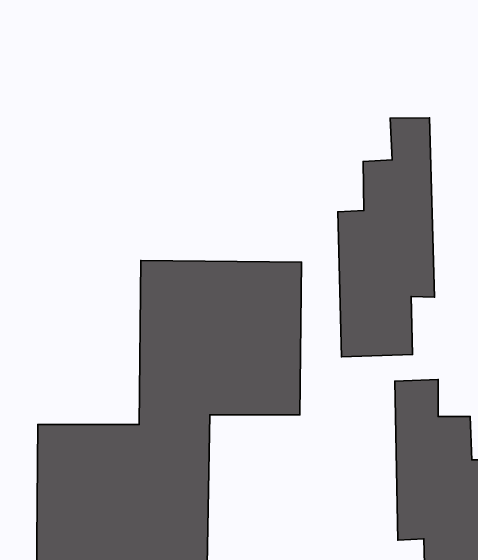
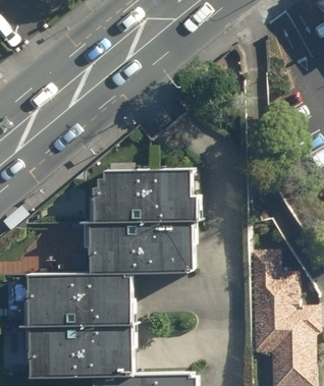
building: [338,118,435,357] -> none

